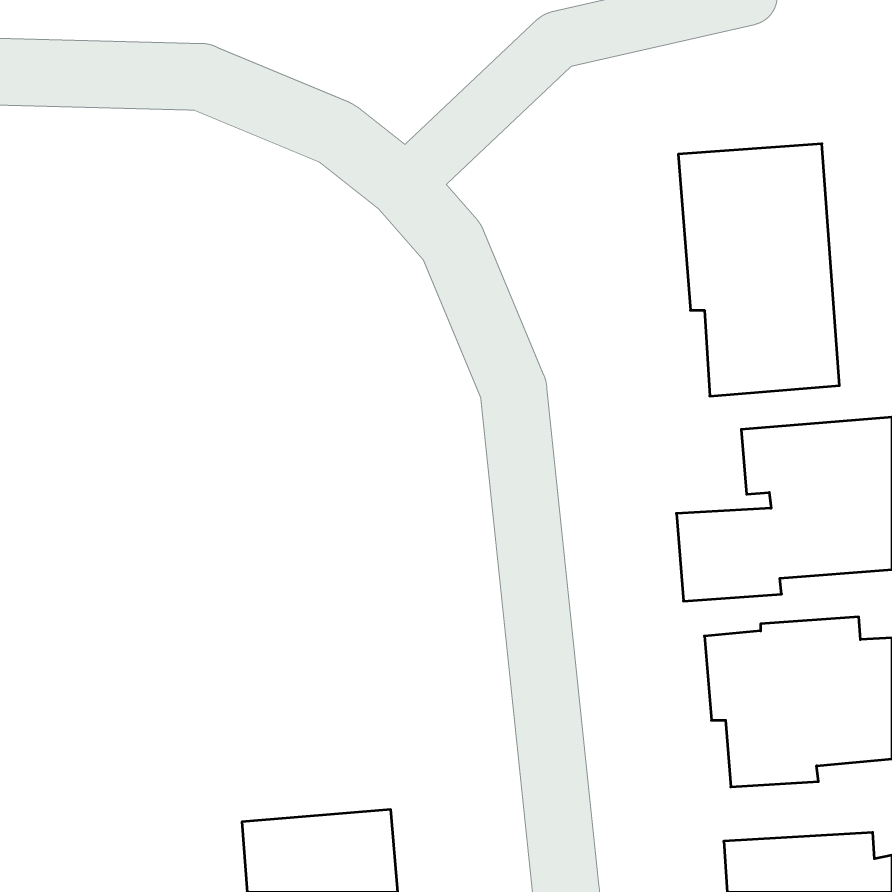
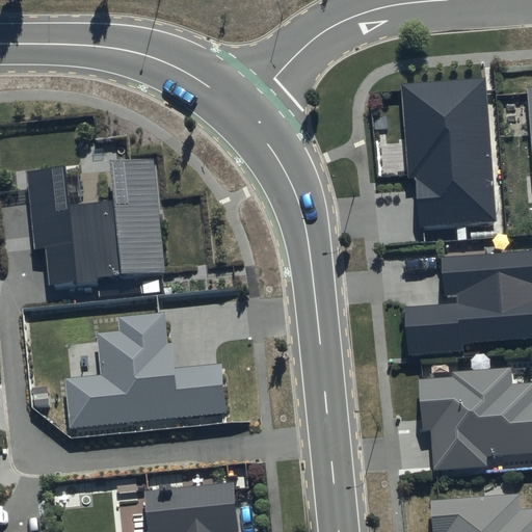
building: none -> [30,162,165,293]
building: none -> [70,319,228,435]

